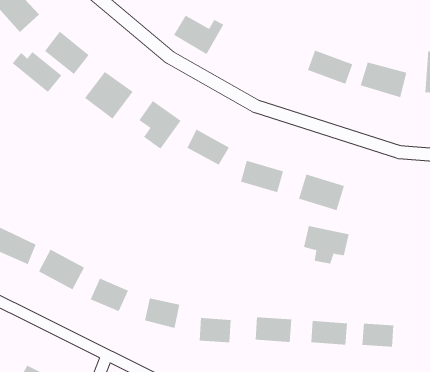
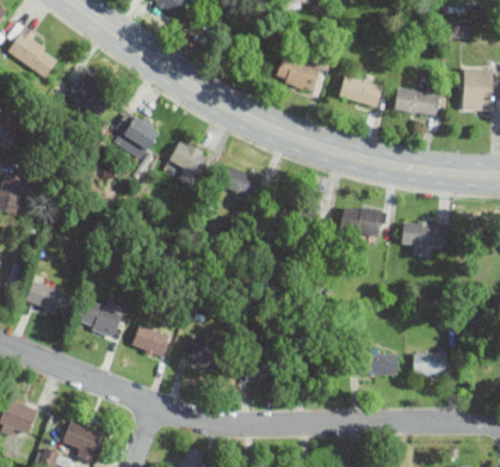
building: [173,15,224,55] -> [274,55,326,94]
building: [12,51,62,93] -> none
building: [303,225,349,264] -> [400,219,446,257]

